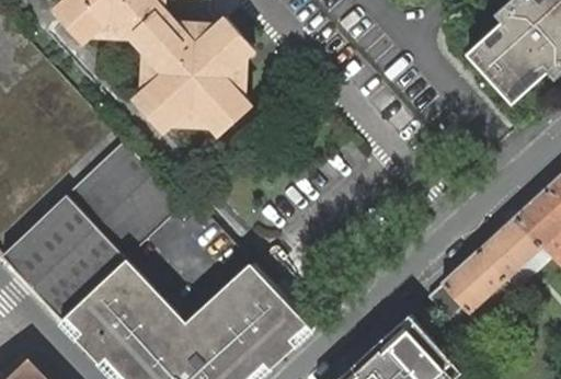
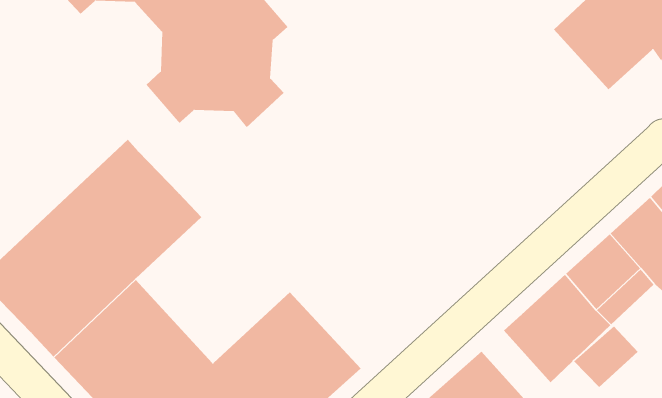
building: none -> [573,325,639,388]

